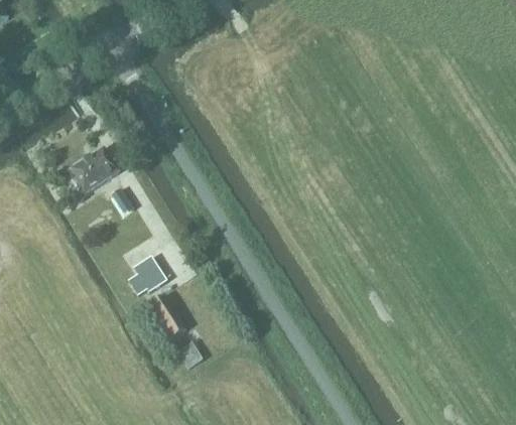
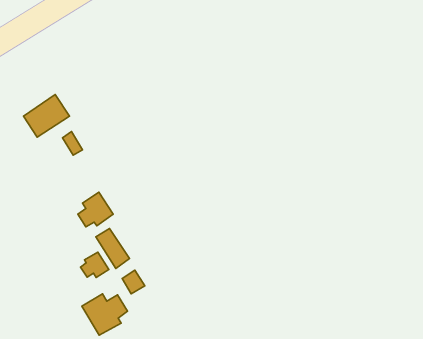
building: none -> [81,252,109,277]
building: none -> [82,294,128,335]

